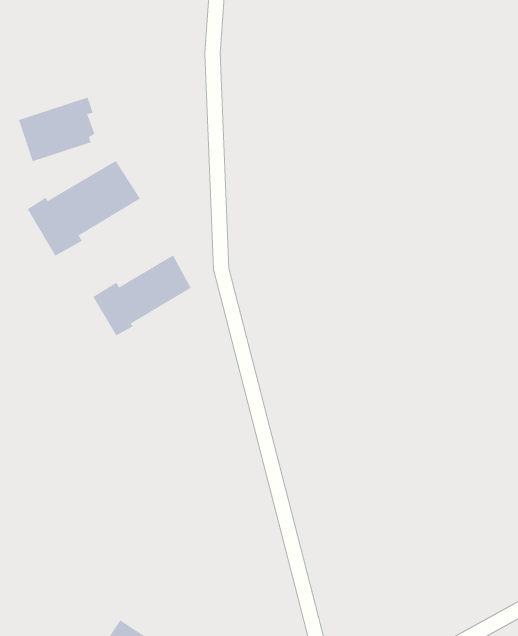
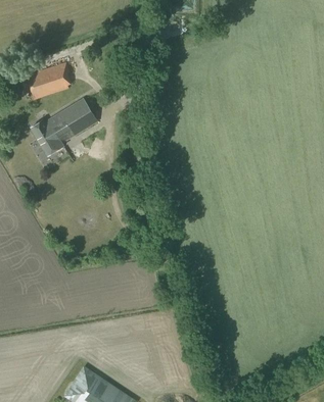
building: [93,255,192,336] -> none

